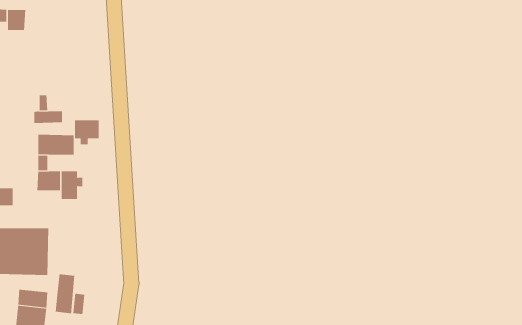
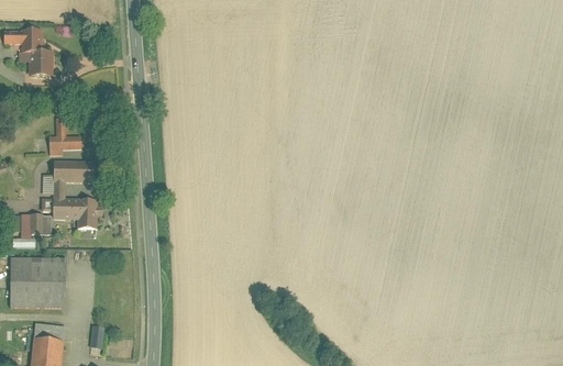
building: none -> [31,53,52,75]
building: [75,120,99,145] -> none
building: none -> [29,214,51,235]
building: [55,273,75,314] -> none

